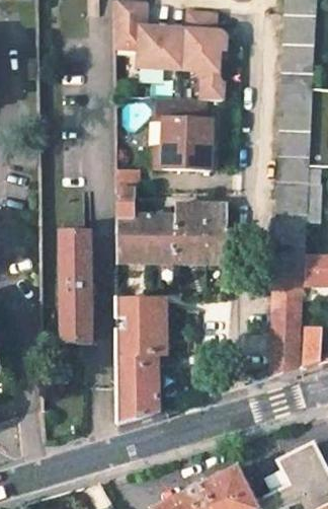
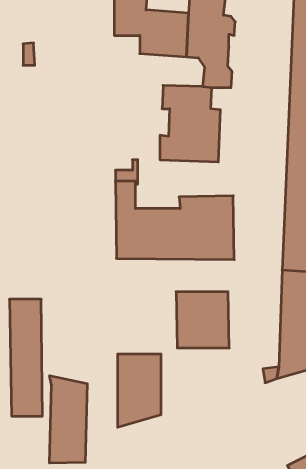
building: [60,233,91,345] -> [9,299,42,416]
building: [115,300,166,354] -> [176,292,229,348]
building: none -> [50,376,87,463]

